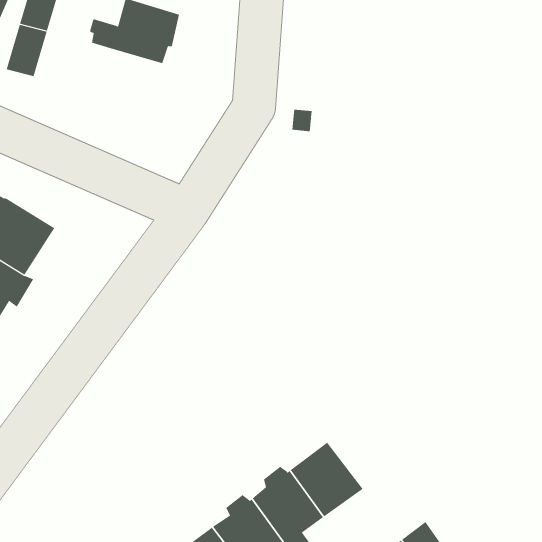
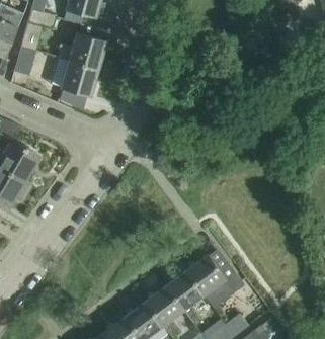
building: none -> [62,60,97,96]
building: none -> [185,254,245,306]

